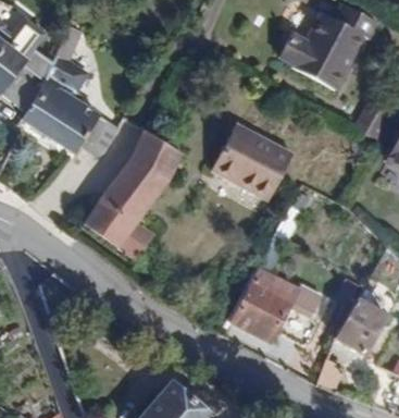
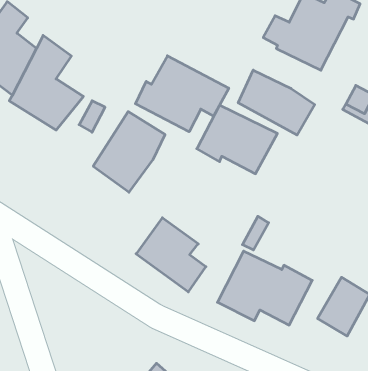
building: none -> [135,56,229,132]
building: none -> [238,70,315,135]
building: [83,186,152,260] -> [136,218,206,292]

